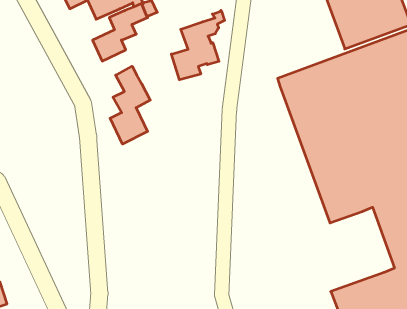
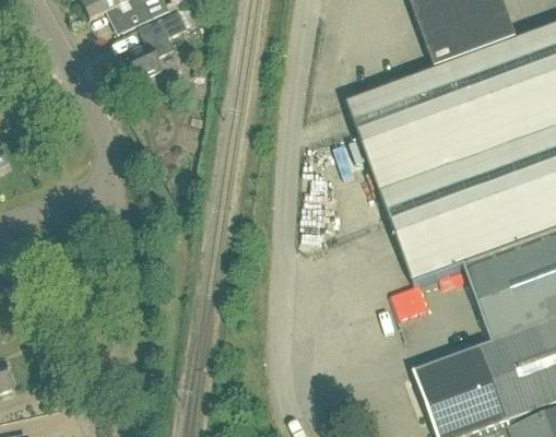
building: [171,10,225,80] -> none
building: [110,66,150,144] -> none

